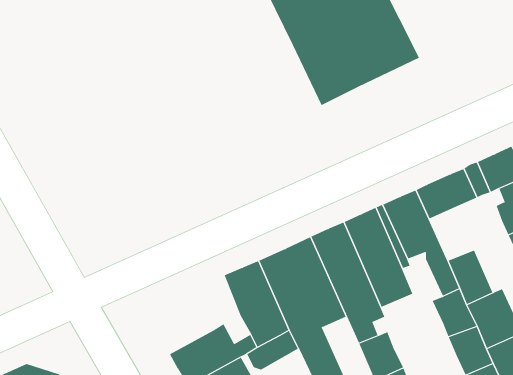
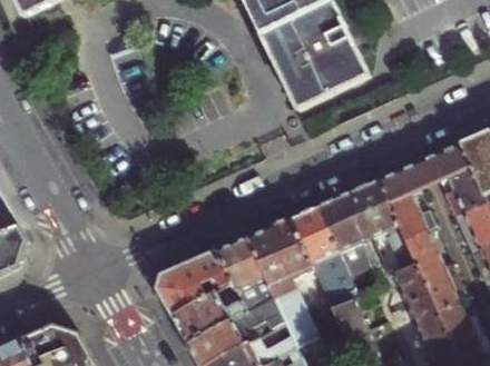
building: none -> [388,194,433,238]
building: none -> [155,250,229,316]

